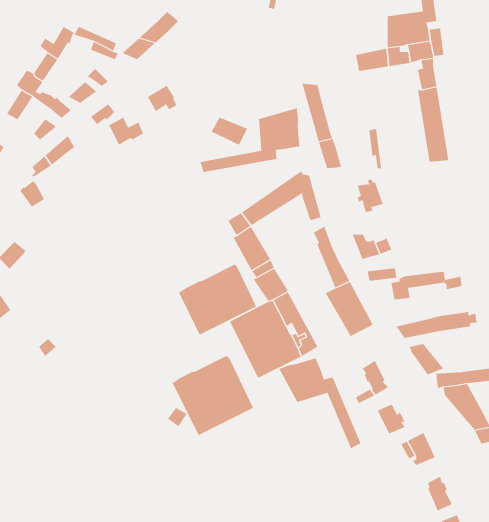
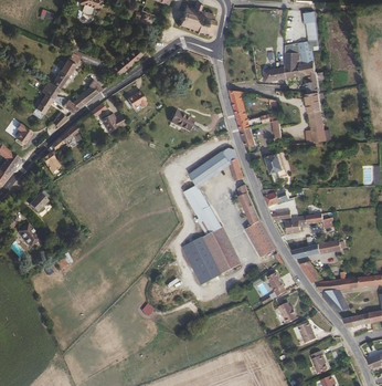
building: [200,107,300,173] -> none
building: [178,264,257,335] -> none
building: [172,355,254,436] -> none
building: [278,357,361,449] -> none

